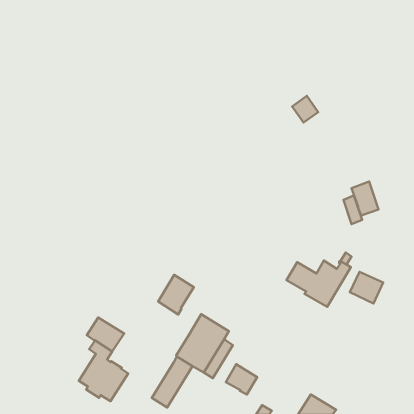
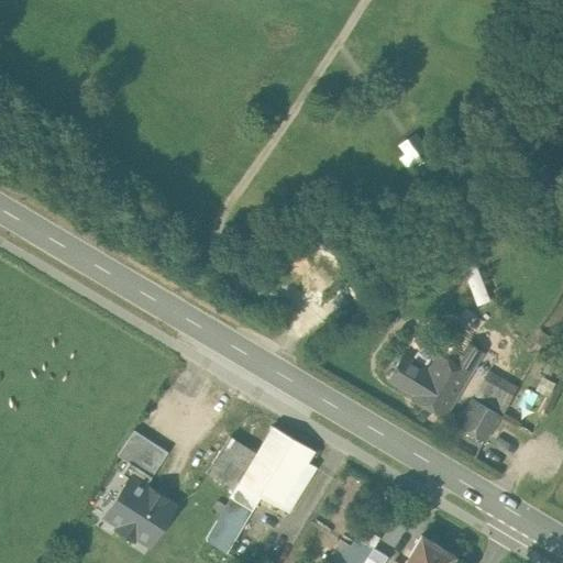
building: [352,182,378,216] -> none
building: [158,275,194,315] -> [209,438,257,492]
building: none -> [459,399,500,442]
building: [226,364,257,394] -> none

